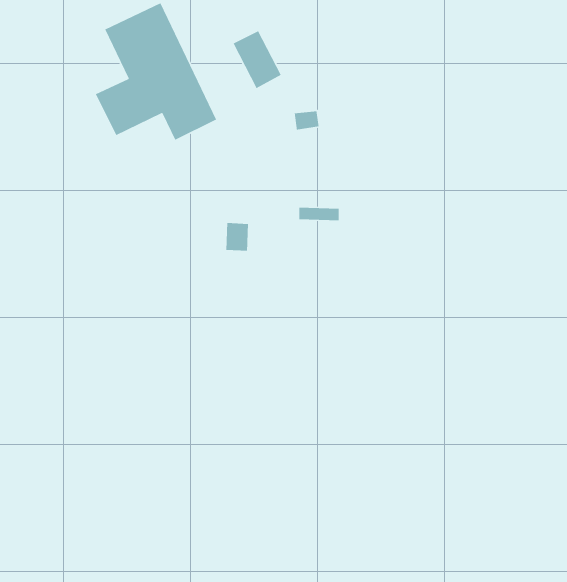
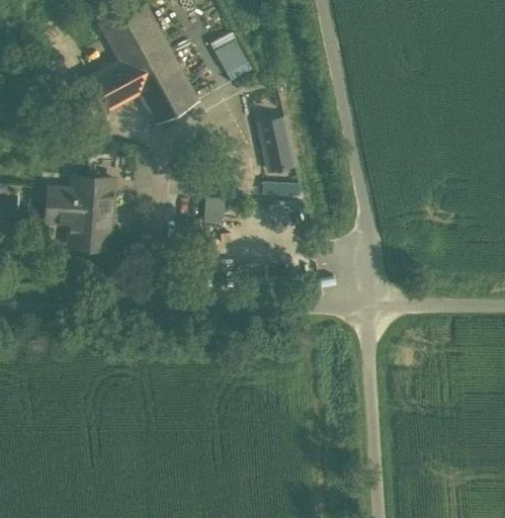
building: none -> [256,120,301,174]
building: none -> [50,174,116,247]

